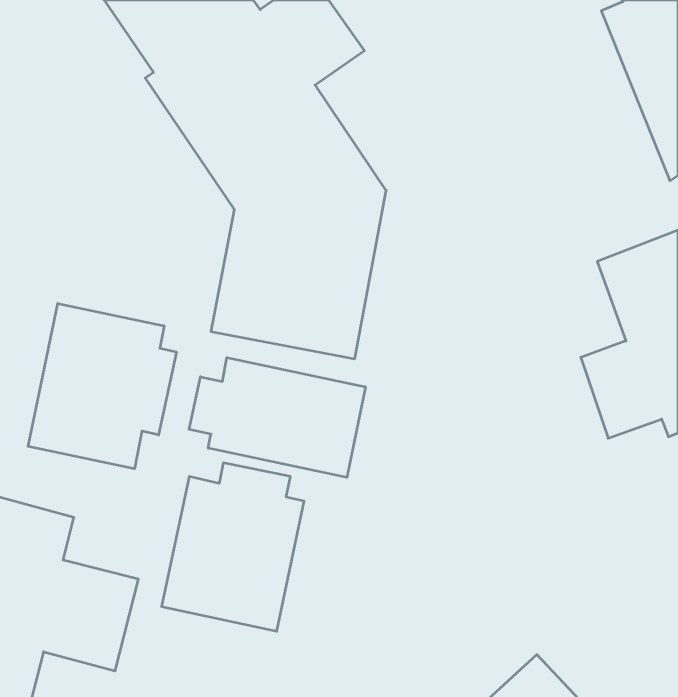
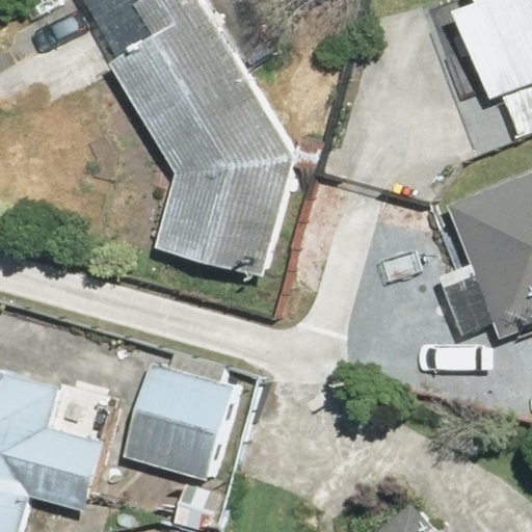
building: [28,303,176,469] -> none
building: [189,358,365,477] -> none

